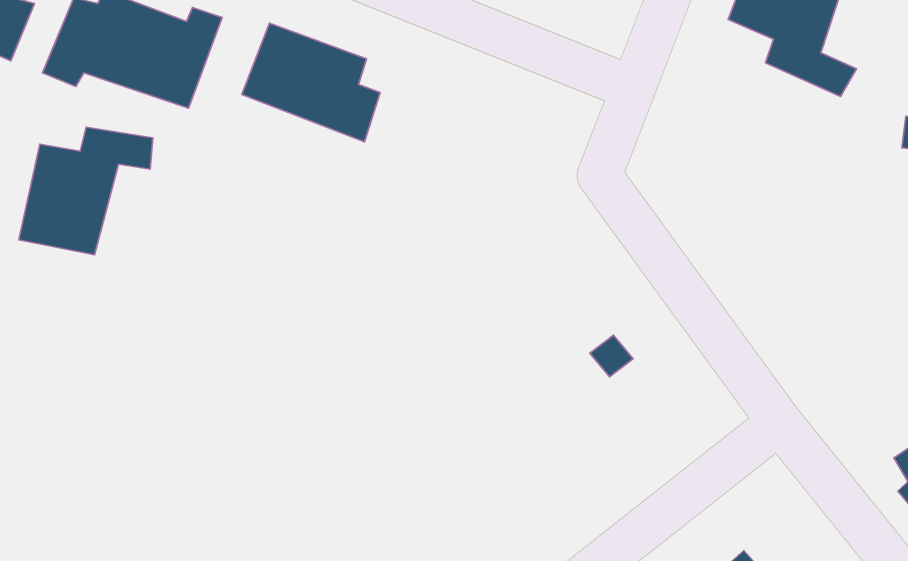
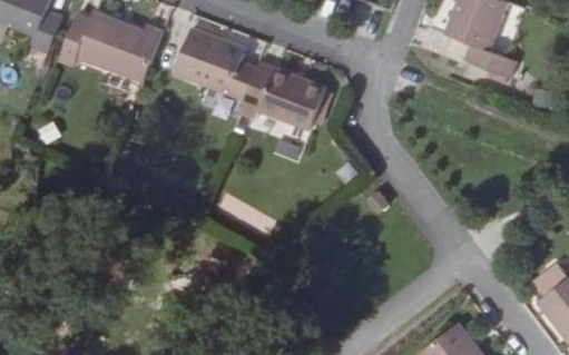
building: none -> [233,62,316,131]
building: [19,127,153,255] -> none

